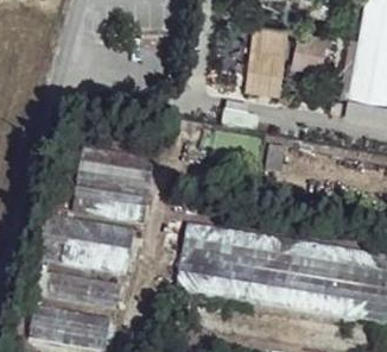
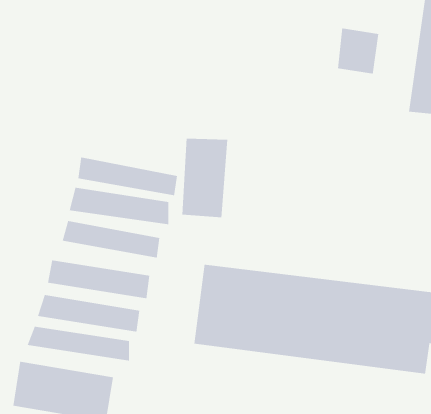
building: [248,29,286,94] -> [182,138,228,218]

